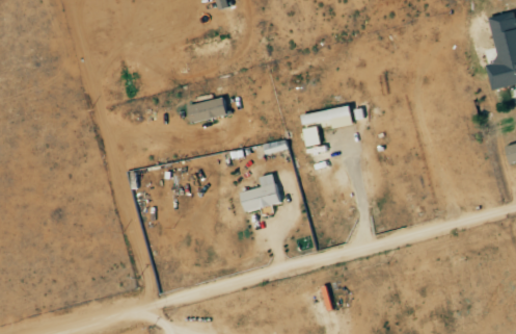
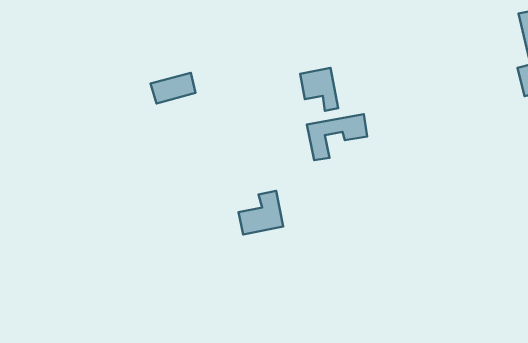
building: none -> [300,68,338,111]
building: [189,97,228,124] -> [151,73,195,104]

